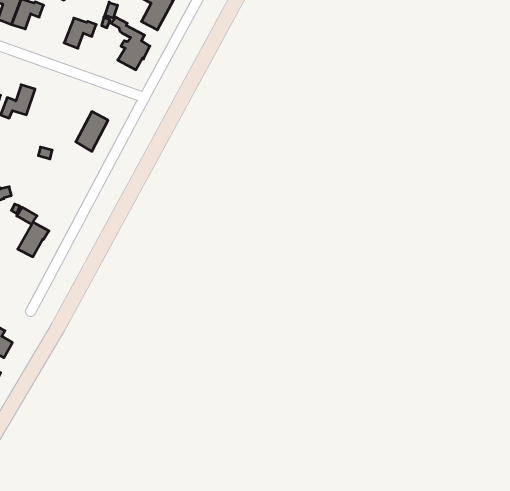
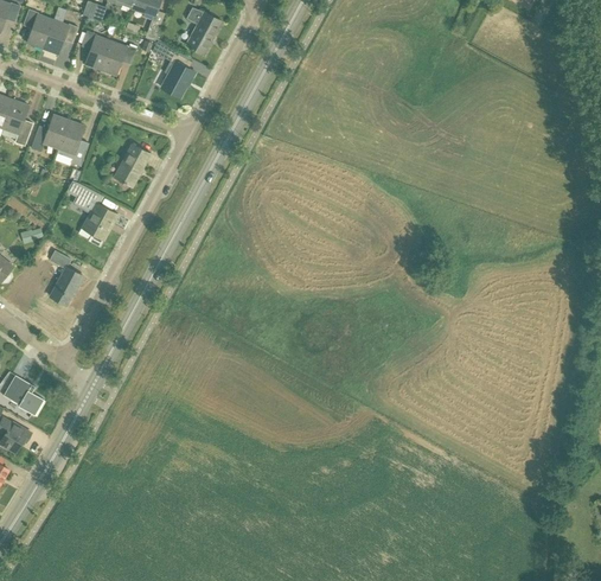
building: none -> [81,30,110,68]
building: none -> [56,119,87,165]
building: none -> [79,200,117,245]

